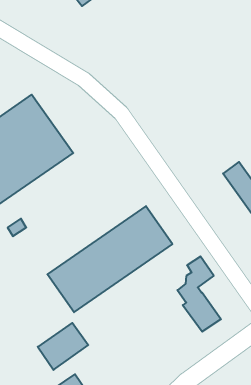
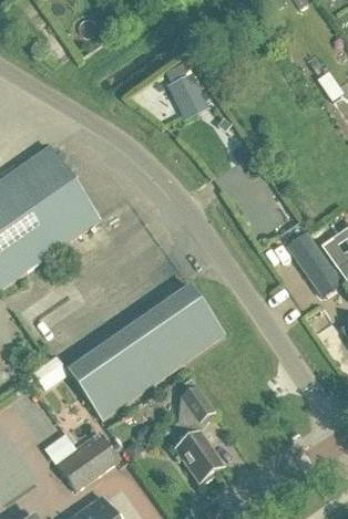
building: none -> [164,63,205,114]
building: [177,256,221,332] -> [168,387,223,481]

